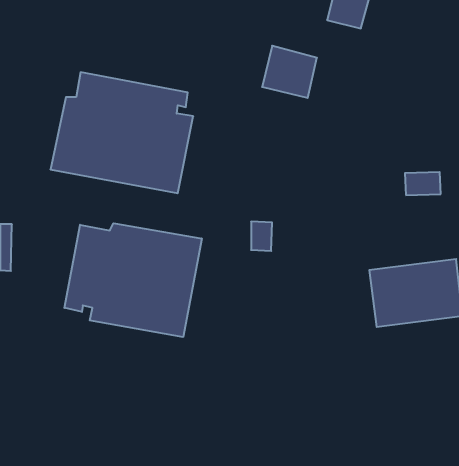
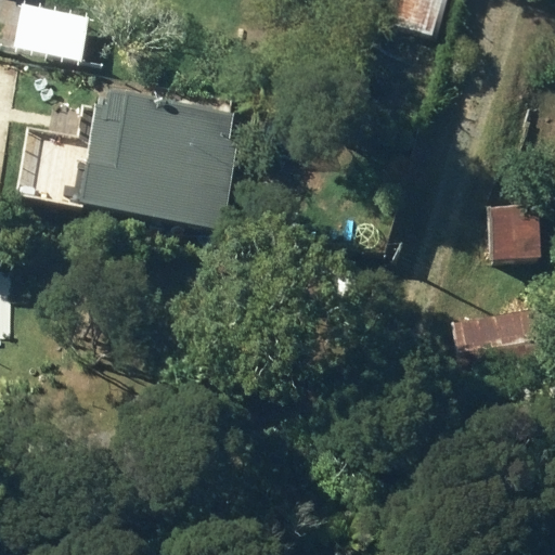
building: [64,223,202,337] -> none

